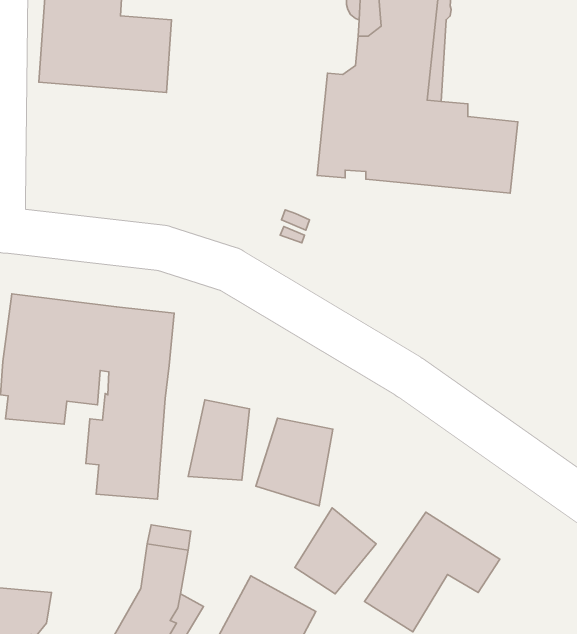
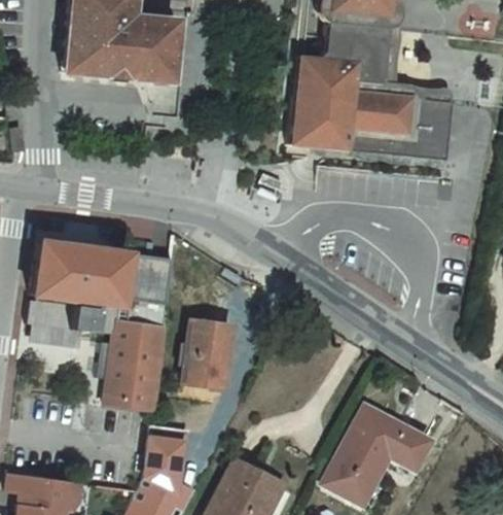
building: [256,418,333,506] -> none
building: [295,508,376,594] -> none

